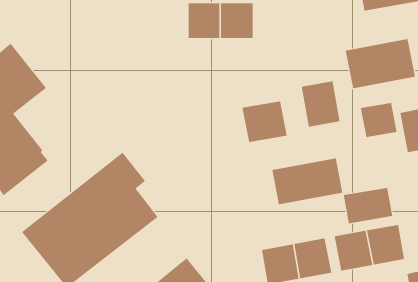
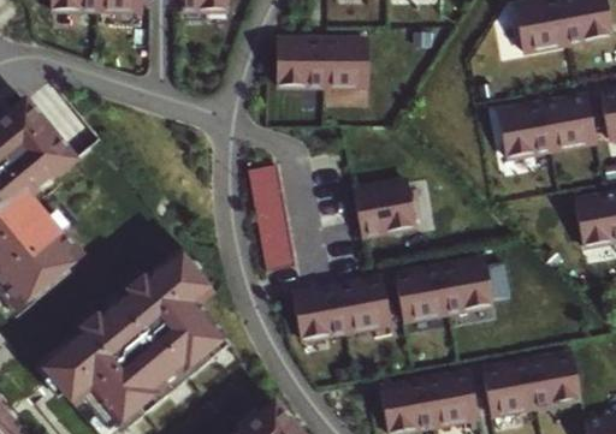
building: [301,81,340,127] -> none
building: none -> [253,157,298,264]
building: [360,102,397,138] -> none
building: none -> [291,277,391,343]
building: [343,187,393,224] -> none

